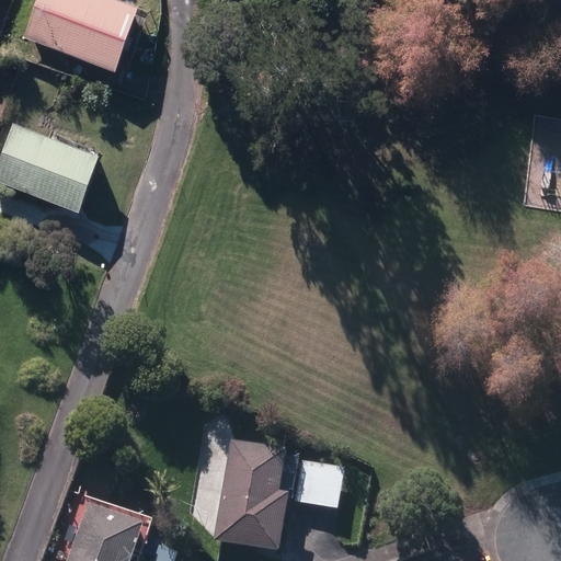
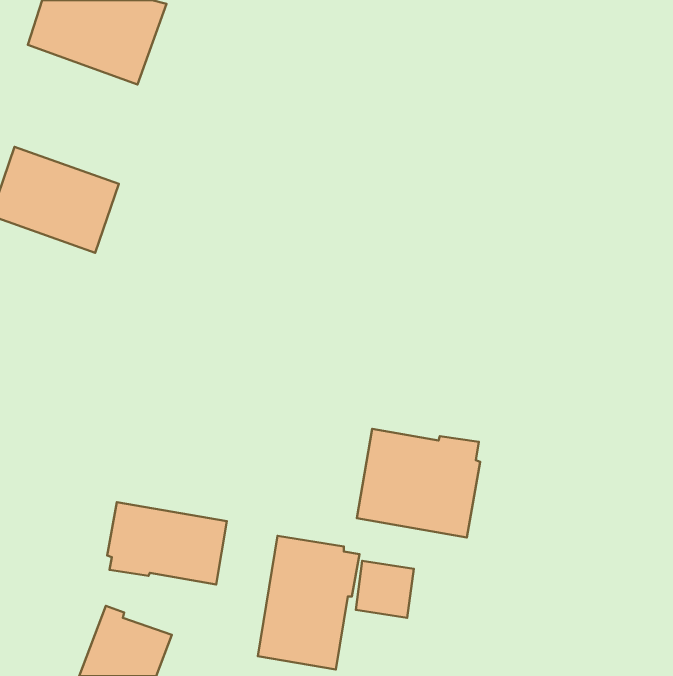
building: none -> [357,429,480,538]
building: none -> [107,502,227,585]

